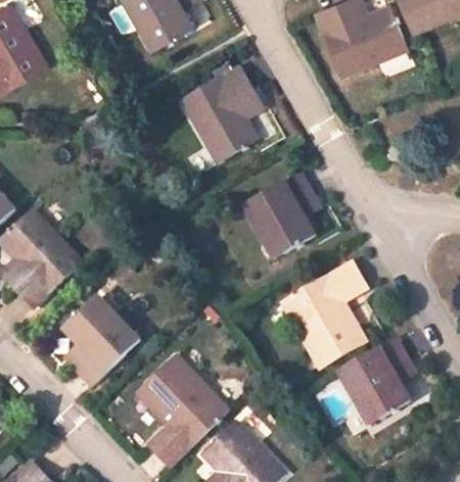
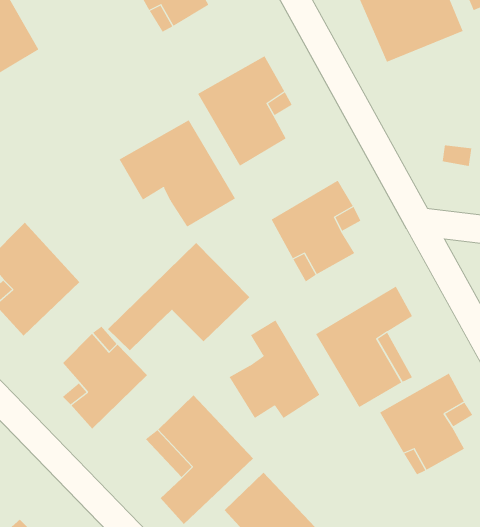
building: none -> [119,120,236,227]
building: none -> [107,242,250,351]
building: none -> [229,320,320,419]

